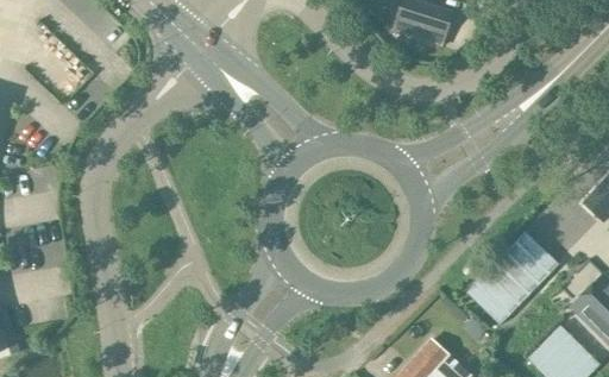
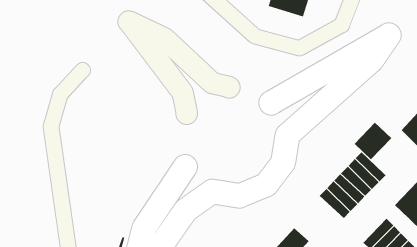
building: none -> [354,122,392,160]

